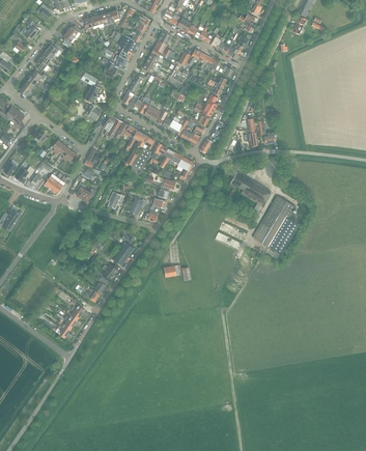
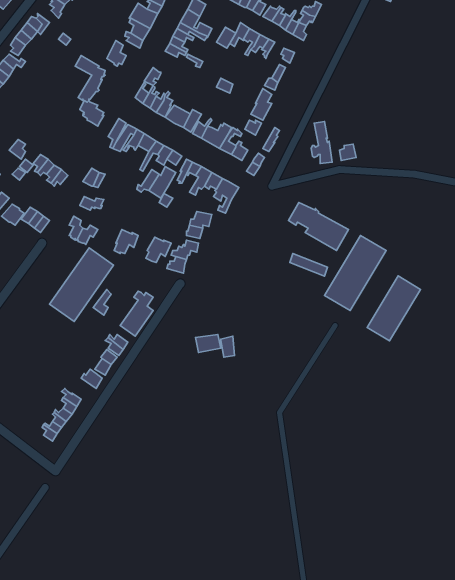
building: none -> [49,248,114,322]
building: none -> [367,276,420,341]

